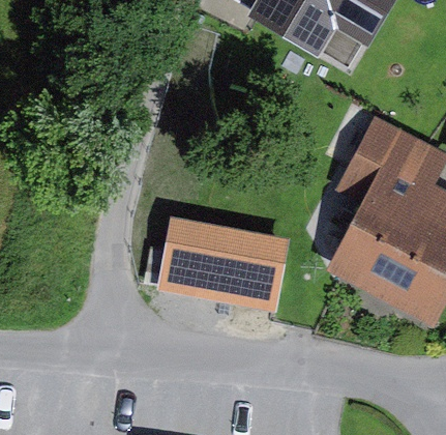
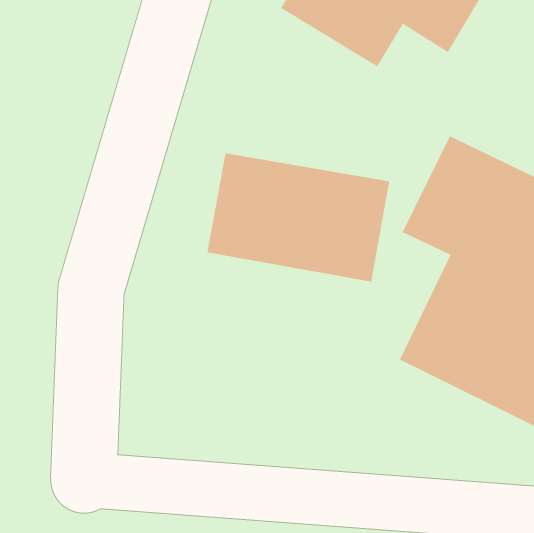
building: [155,216,290,312] -> [207,152,390,282]

